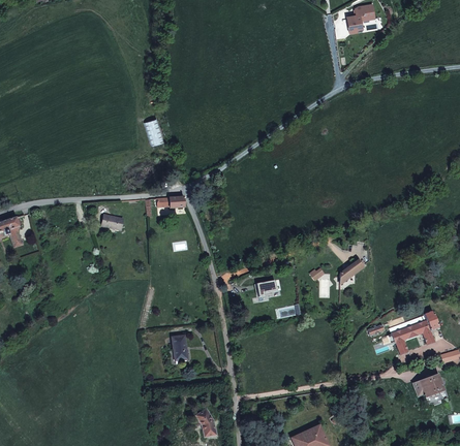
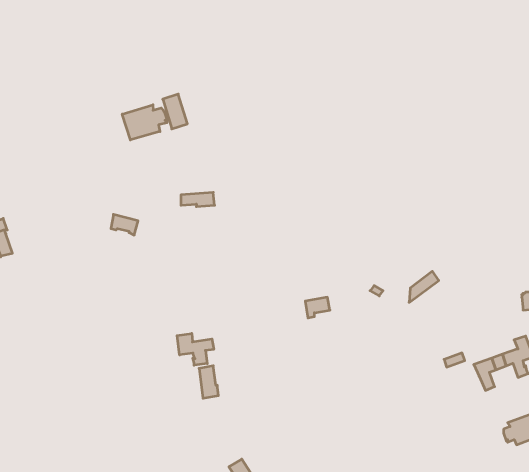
building: none -> [122,105,167,140]
building: none -> [177,333,214,365]

